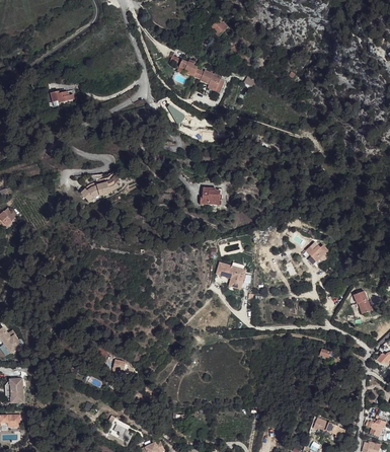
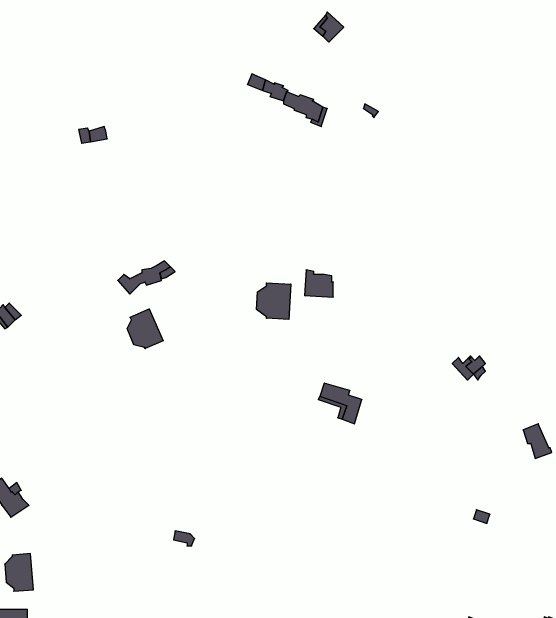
building: none -> [257,283,291,319]
building: none -> [127,309,163,349]

